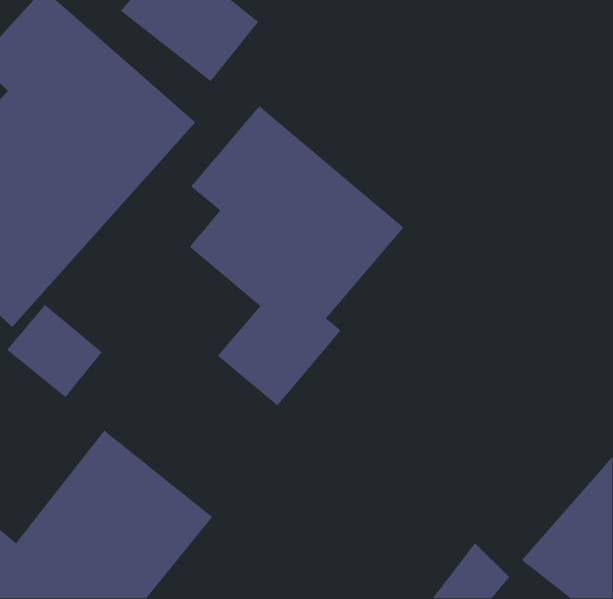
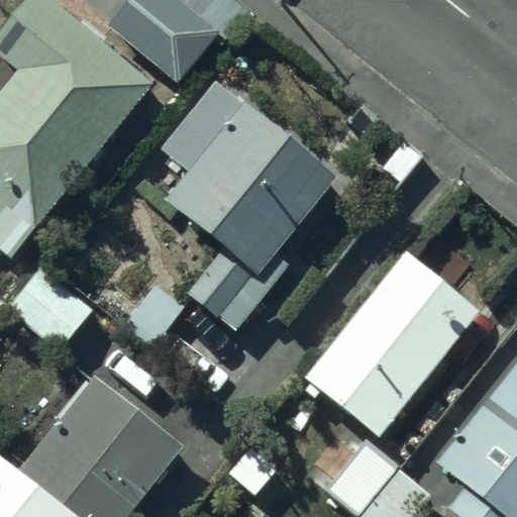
building: none -> [303,264,476,448]

